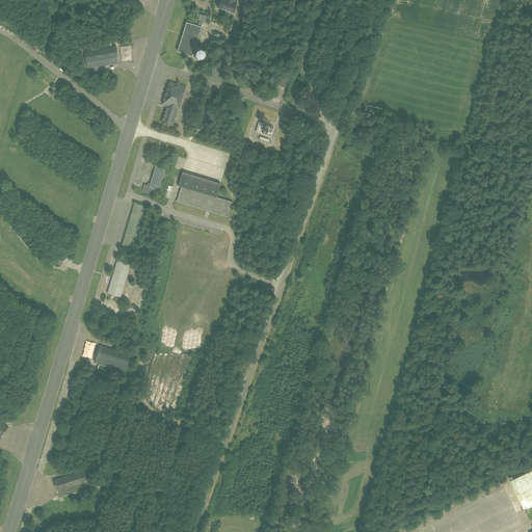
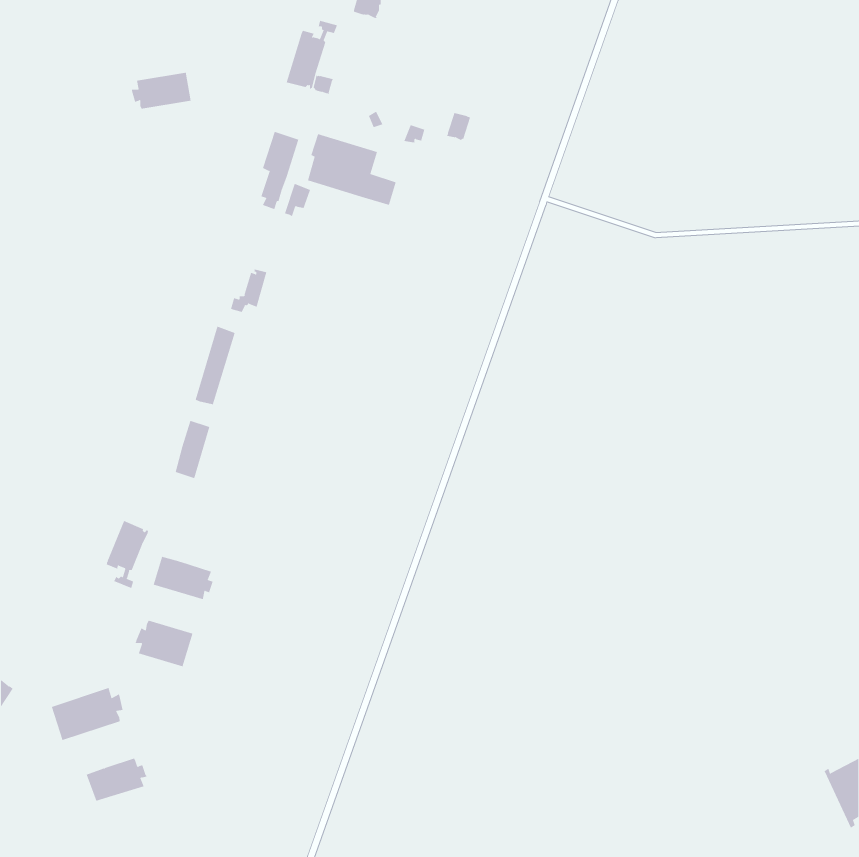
building: [177,171,232,216] -> [307,133,396,206]
building: none -> [106,520,148,589]
building: none -> [135,620,193,667]
building: none -> [51,687,123,741]

